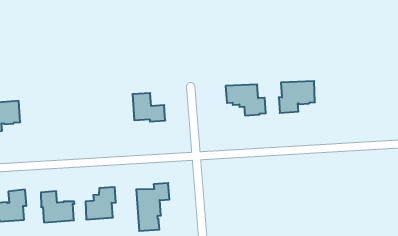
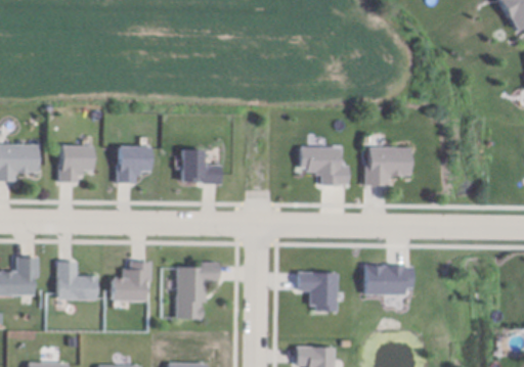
building: none -> [117,144,149,182]
building: none -> [59,143,92,181]
building: none -> [363,270,411,299]
building: none -> [296,277,337,316]

